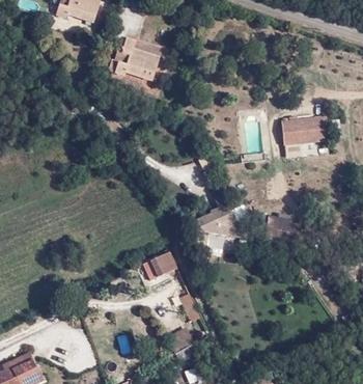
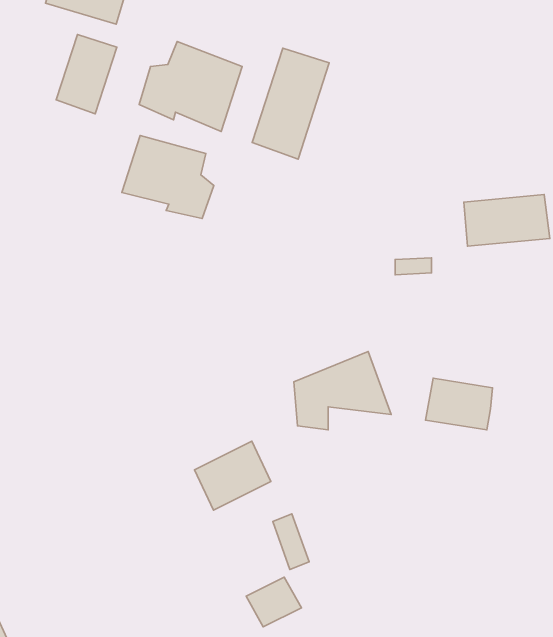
building: none -> [56,35,117,114]
building: none -> [252,48,329,159]
building: none -> [122,136,214,218]

